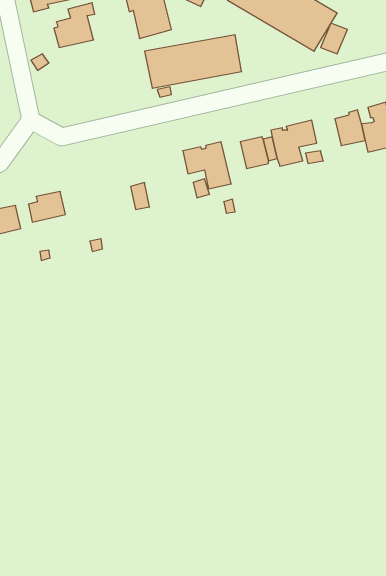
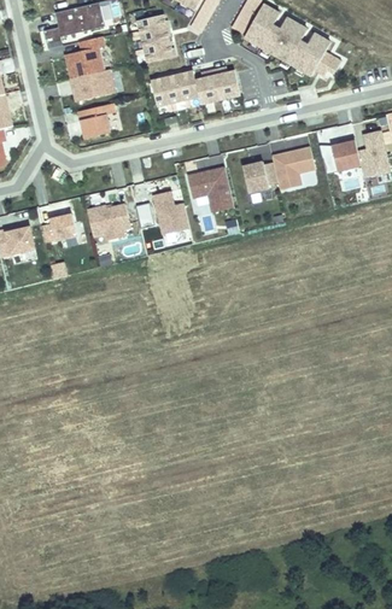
building: none -> [69,68,113,100]
building: none -> [77,101,113,136]
building: none -> [152,189,188,233]
building: none -> [87,206,131,242]

